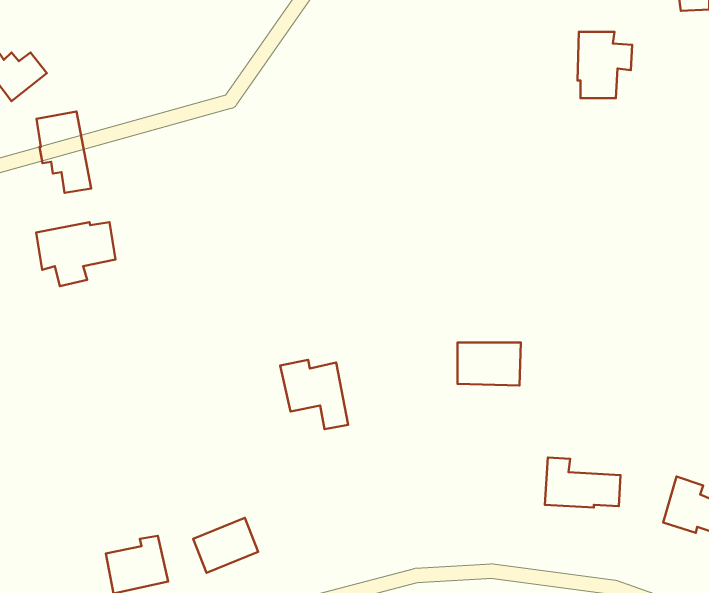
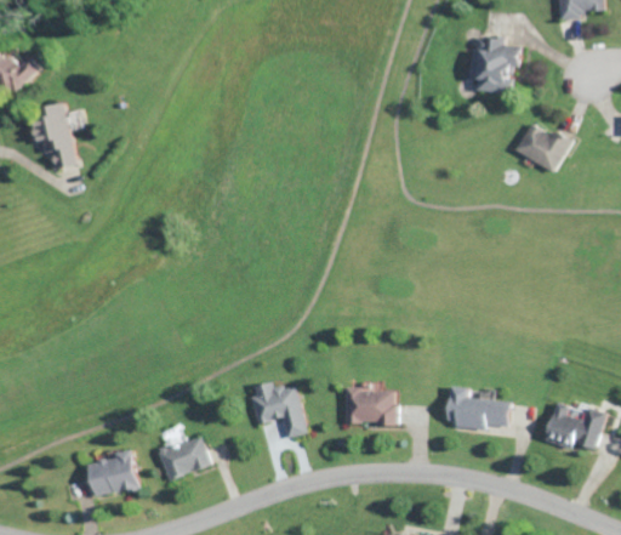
building: none -> [515,120,570,172]
building: [36,222,115,286] -> none
building: [457,343,521,385] -> [346,389,398,425]
building: [280,360,348,429] -> [251,381,307,438]

